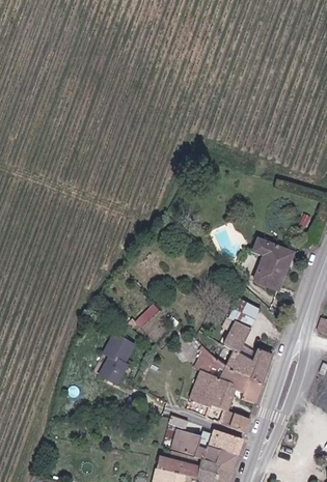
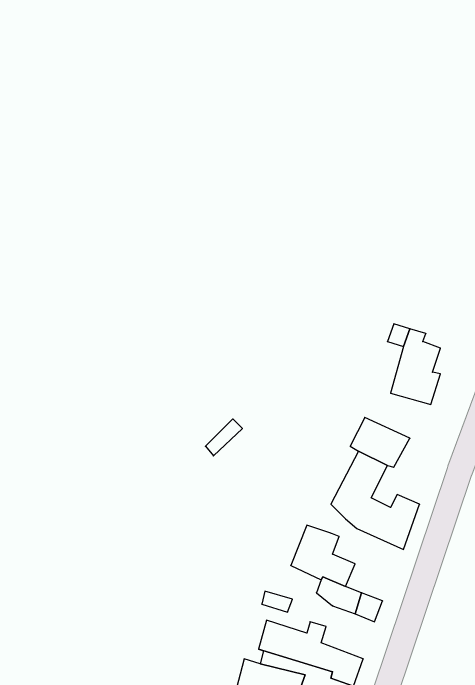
building: [102,333,135,382] -> none
building: [194,343,220,376] -> none
building: [217,367,263,405] -> none
building: [210,432,242,457] -> none

